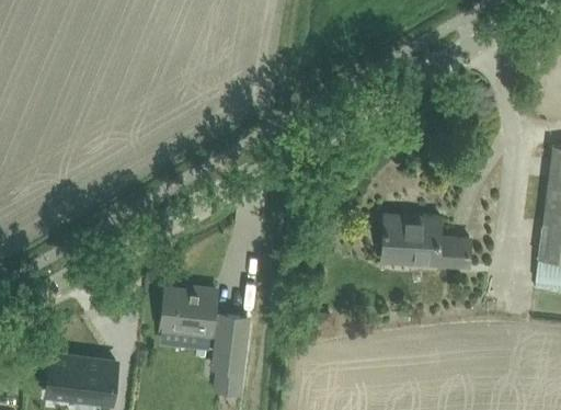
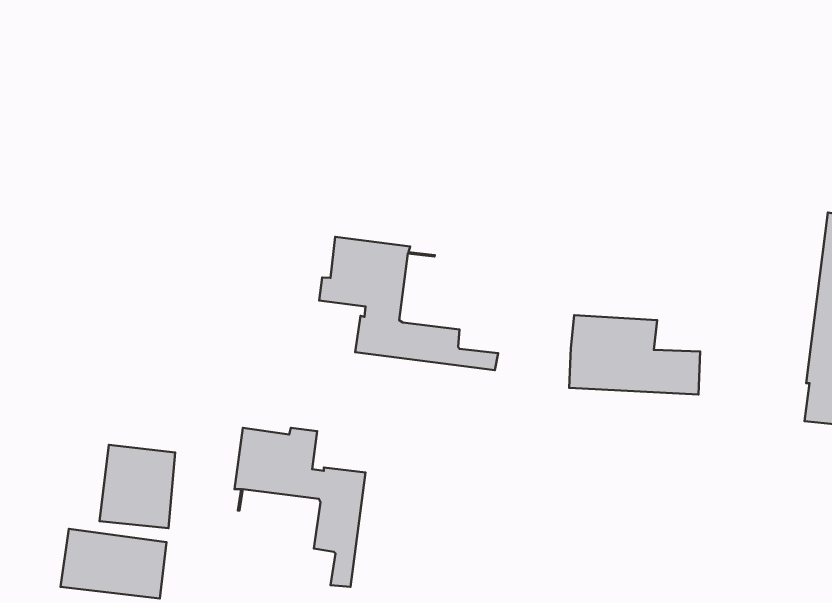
building: none -> [319,237,498,370]
building: none -> [100,445,175,528]

